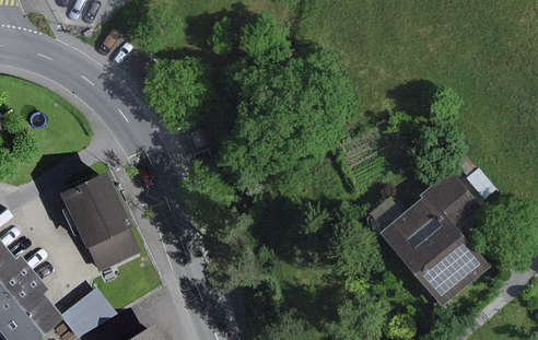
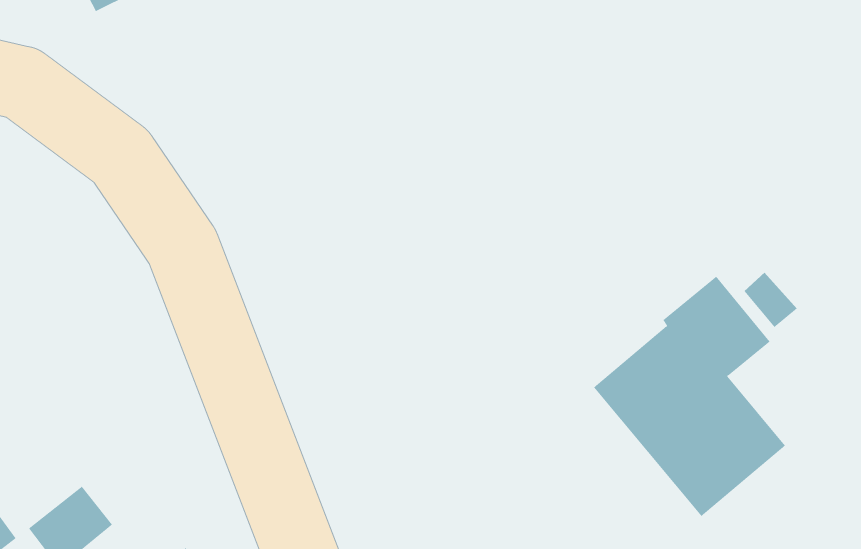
building: [55,172,139,271] -> none

